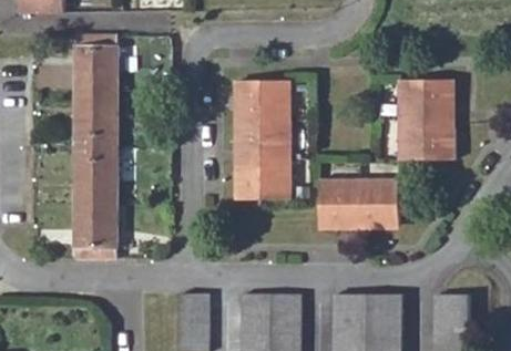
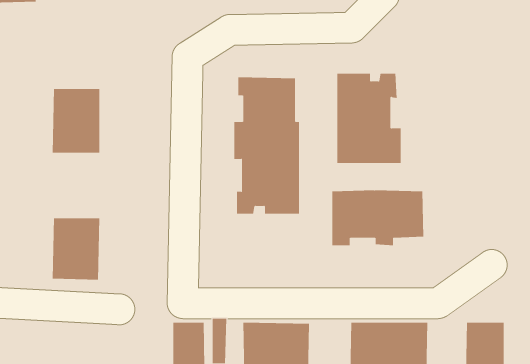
building: [74,37,116,91] -> none
building: [398,81,454,159] -> [337,73,401,163]
building: [73,147,115,204] -> none

